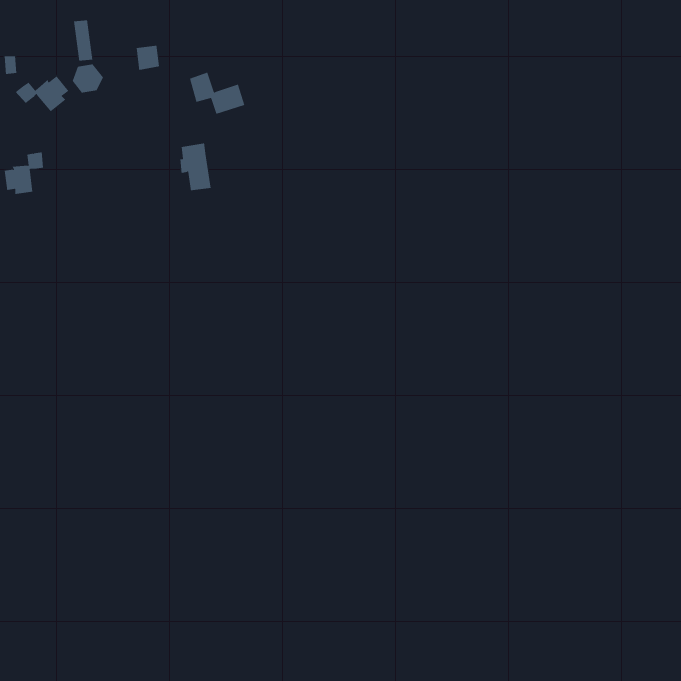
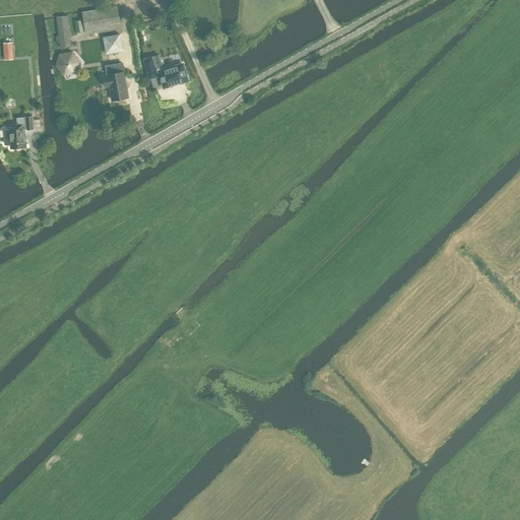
building: none -> [82,6,120,31]
building: [15,75,69,112] -> none
building: [180,143,212,191] -> [104,63,128,100]

